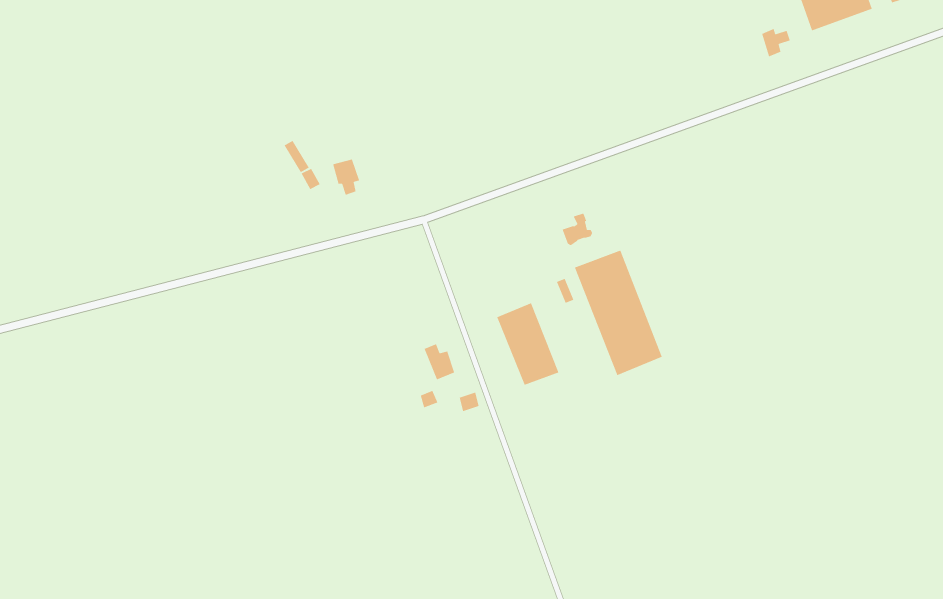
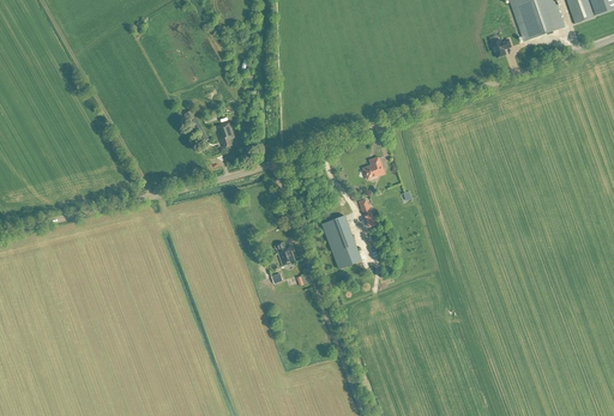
building: [574,249,663,376] -> none

